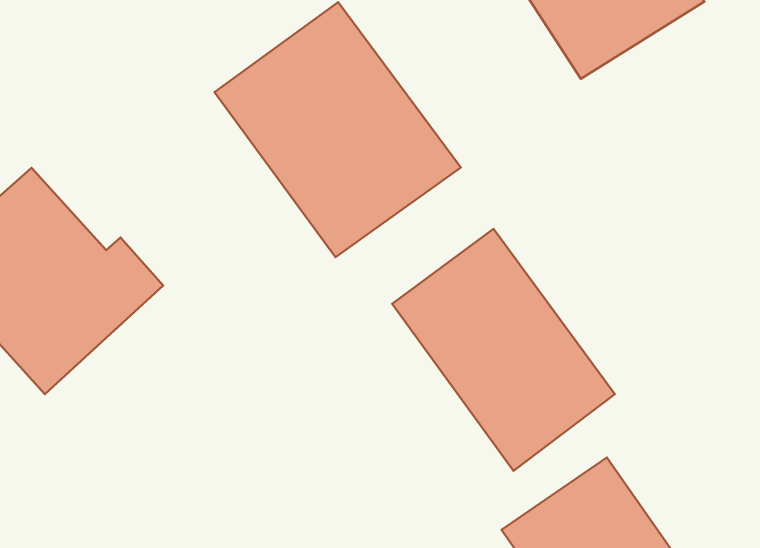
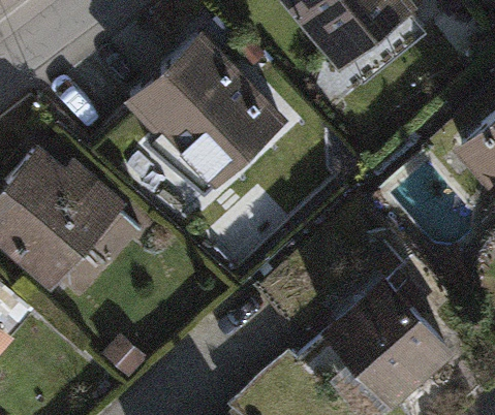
building: [392,229,615,471] -> none

